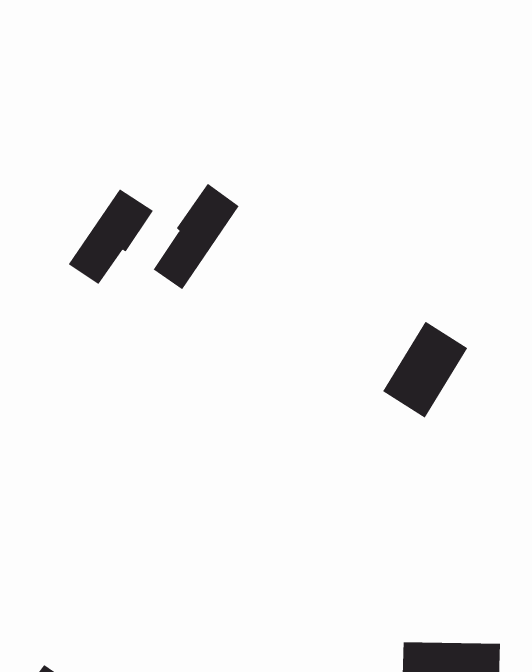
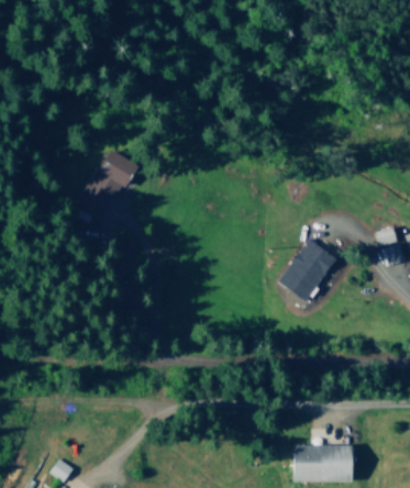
building: [153,183,240,290] -> none

